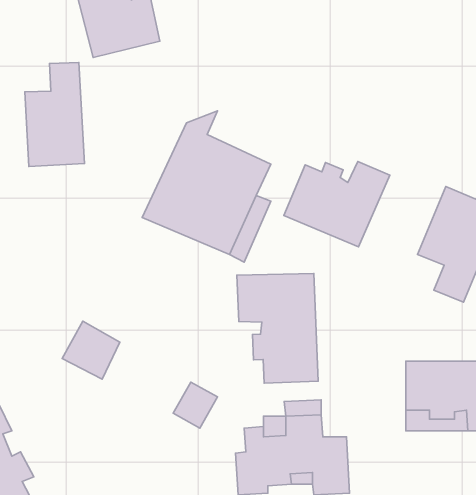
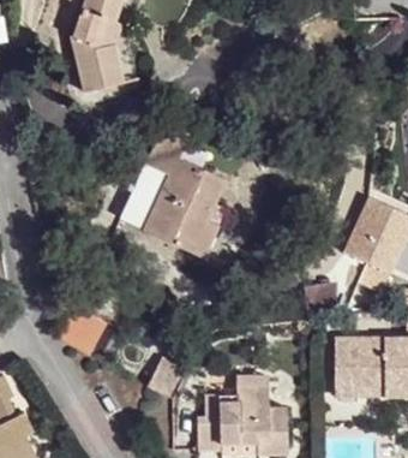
building: [25,63,84,167] -> none
building: [284,162,390,247] -> none
building: [237,274,318,383] -> none

